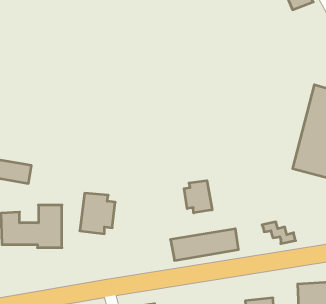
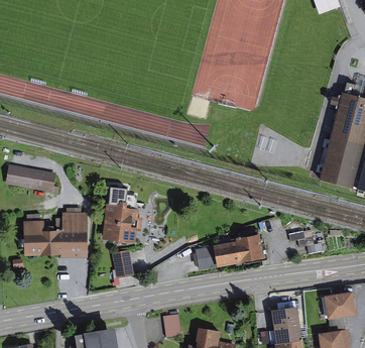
building: [184,181,212,213] -> none
building: none -> [111,250,132,278]

